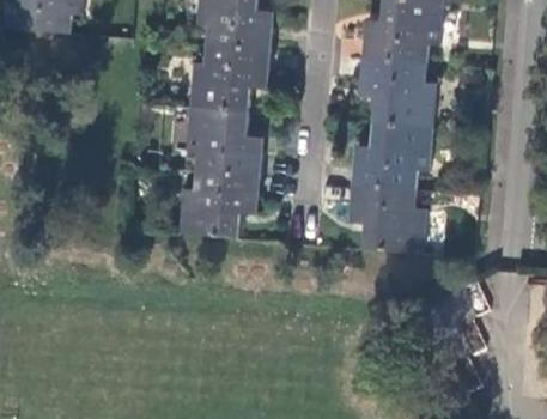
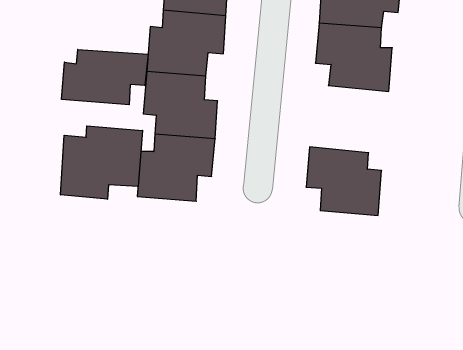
building: none -> [62,49,148,105]
building: [353,119,433,187] -> none
building: none -> [61,126,143,199]

